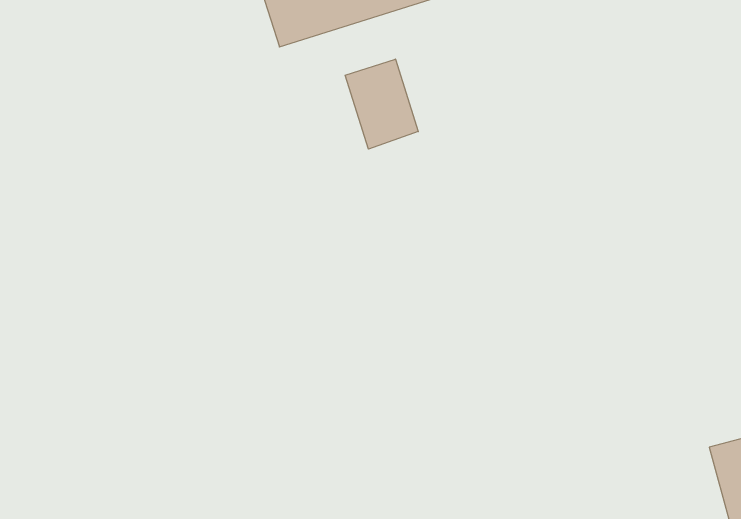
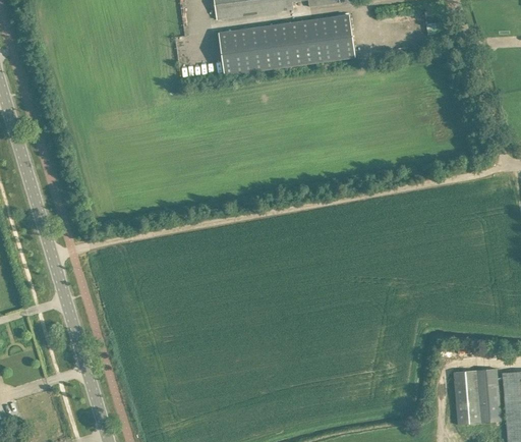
building: [345,59,418,149] -> none

